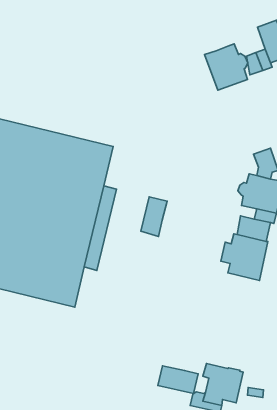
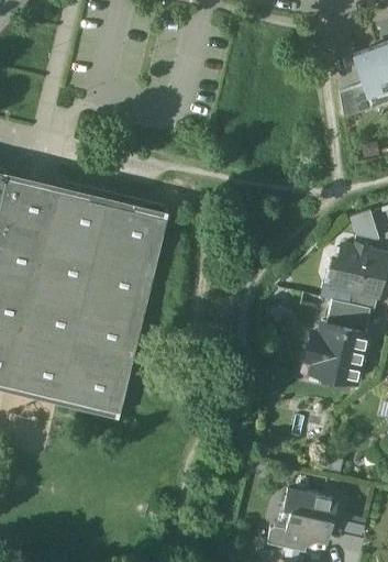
building: [205,44,248,90] -> none
building: [141,197,167,237] -> none
building: [158,366,198,394] -> none

